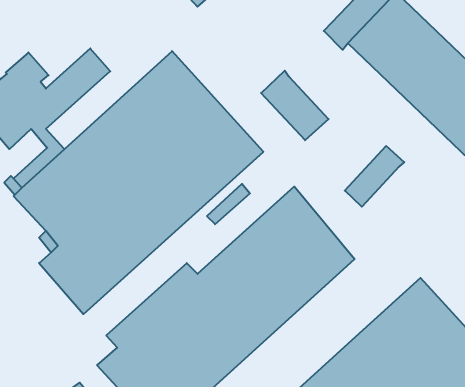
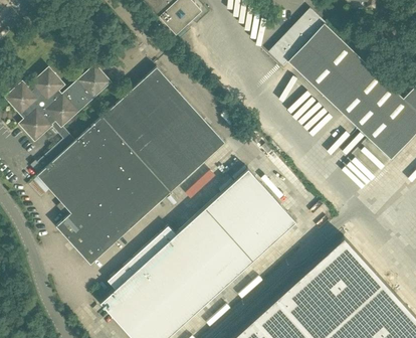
building: [261,71,329,140] -> none
building: [345,146,404,207] -> none

